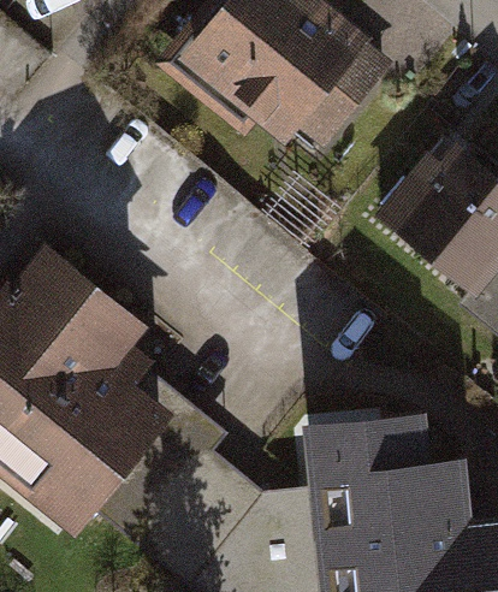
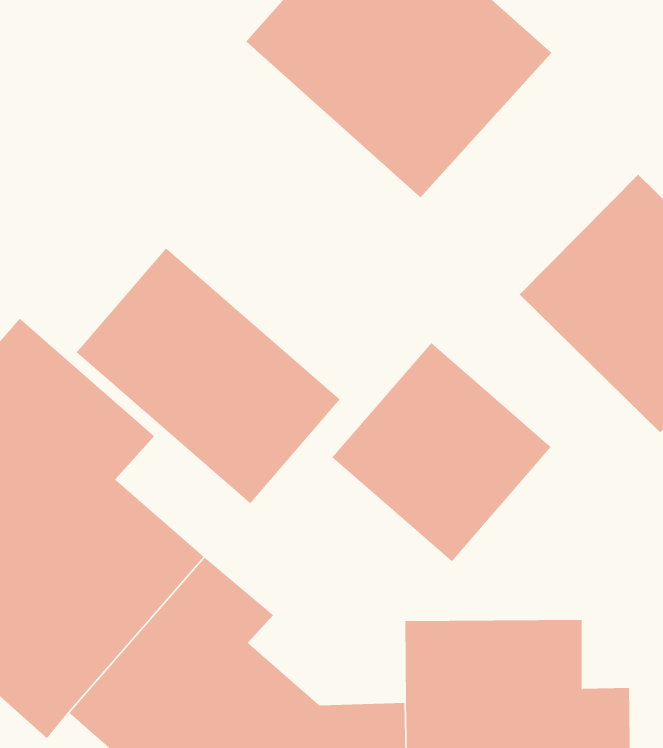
building: none -> [76,248,340,504]
building: none -> [332,342,552,562]

